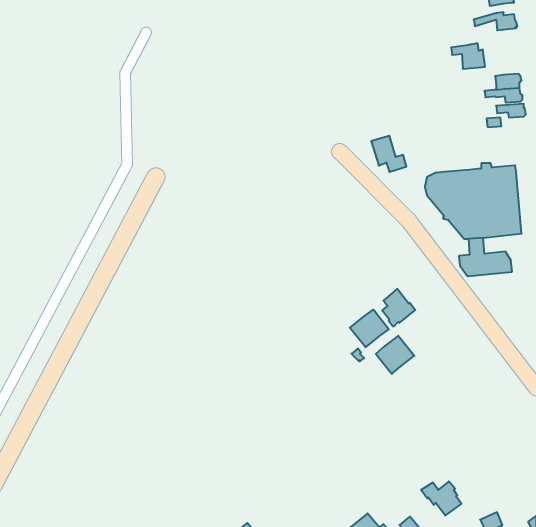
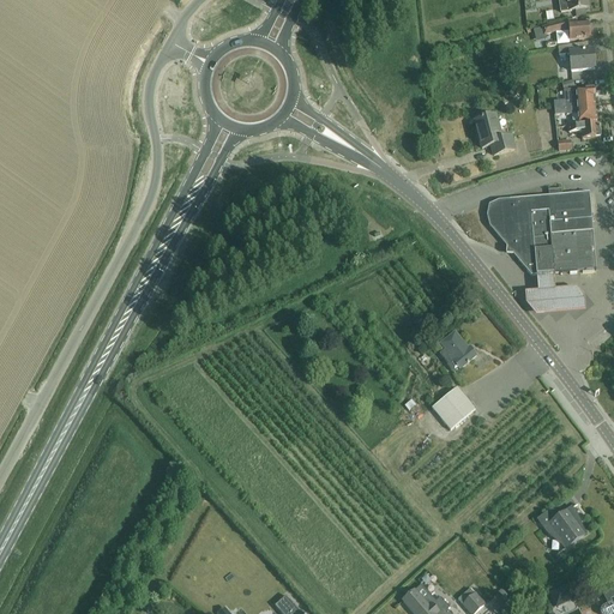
building: [451,43,485,69] -> [556,41,595,70]
building: [371,136,406,172] -> [475,113,514,154]
building: [350,310,389,347] -> none
building: [421,481,461,515] -> [538,507,584,546]

